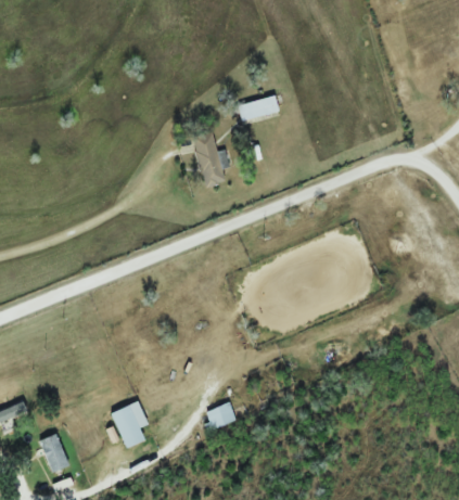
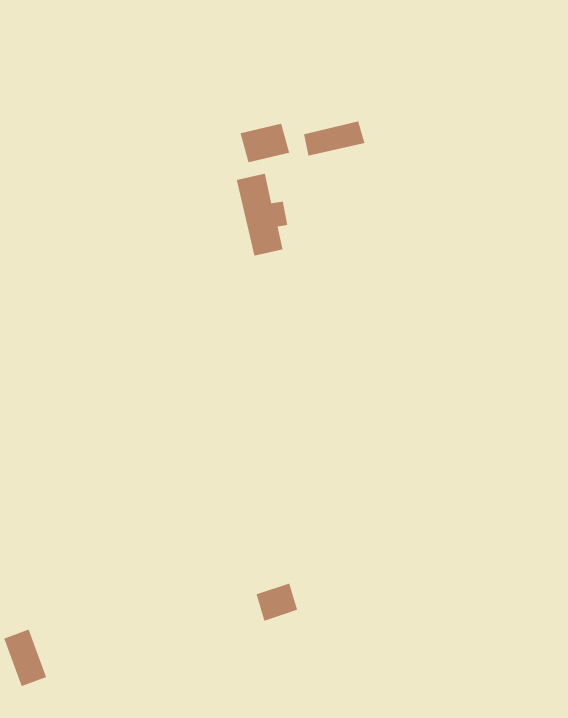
building: none -> [239,123,290,163]
building: [111,400,148,448] -> none

